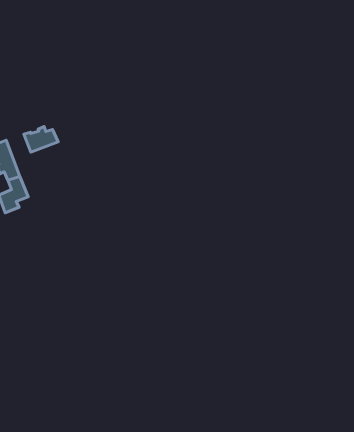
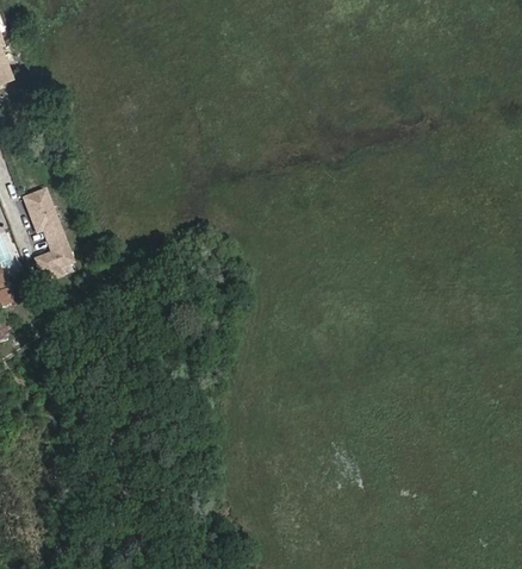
building: [24,126,58,152] -> none

